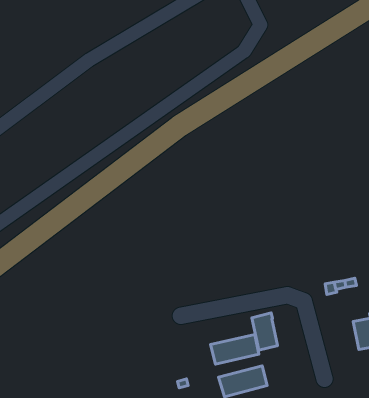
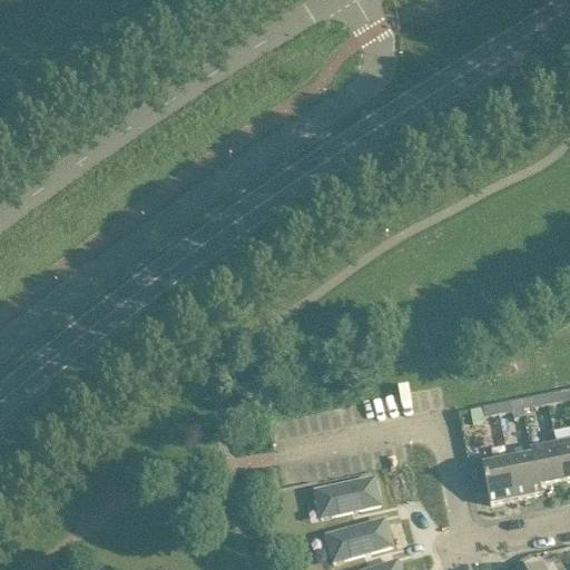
building: [252,313,278,350] -> none
building: none -> [483,456,517,500]

